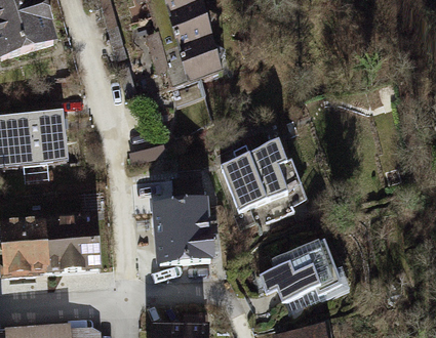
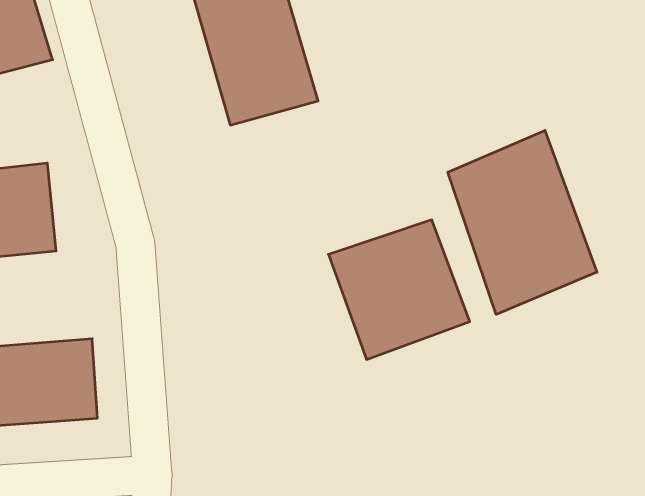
building: none -> [448,130,597,314]
building: [152,200,207,257] -> none
building: [254,237,338,297] -> none

